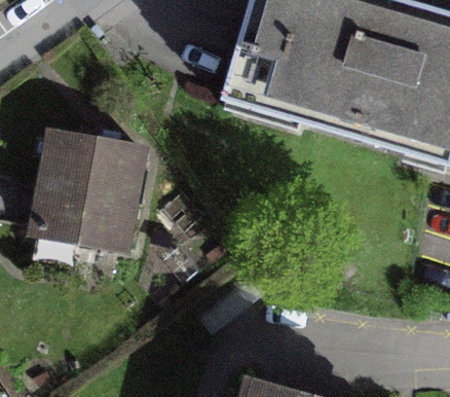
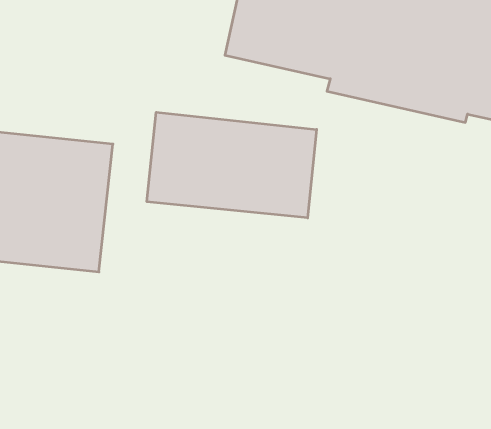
building: none -> [147,112,317,218]

